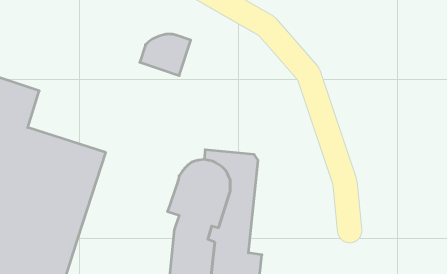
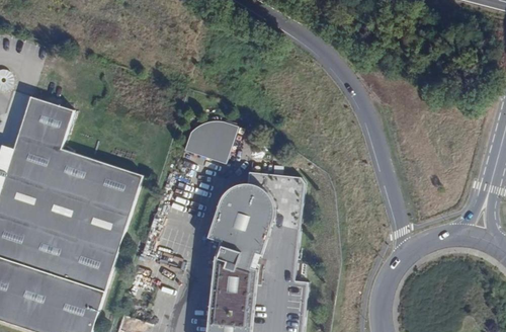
building: [140,34,191,76] -> [181,120,235,164]

